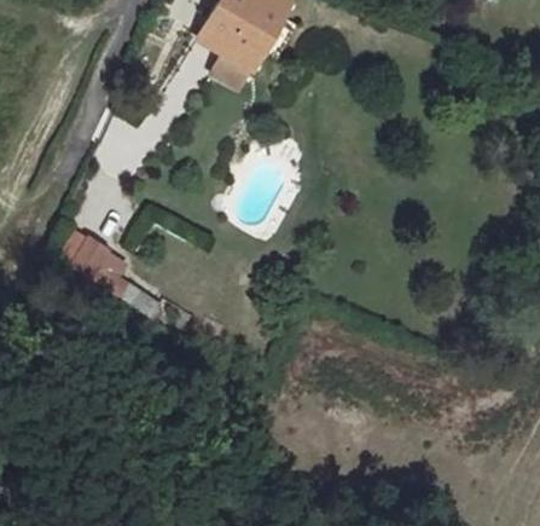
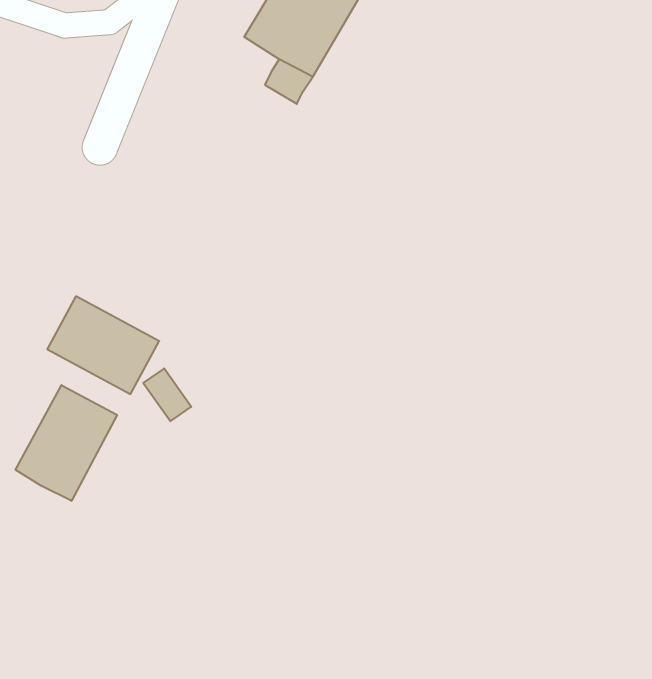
building: none -> [15,385,117,501]

